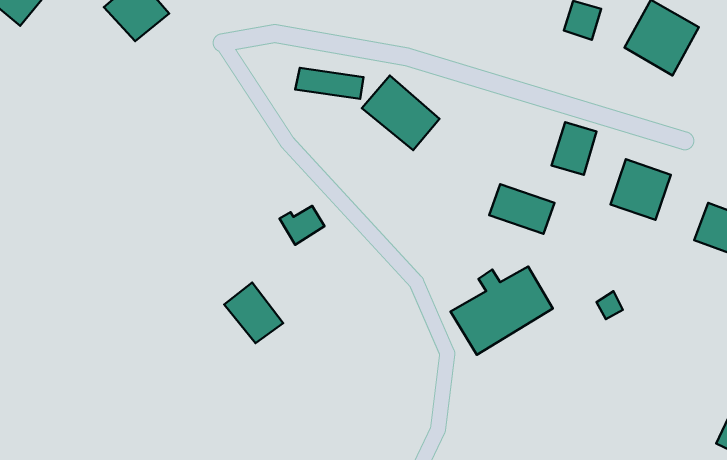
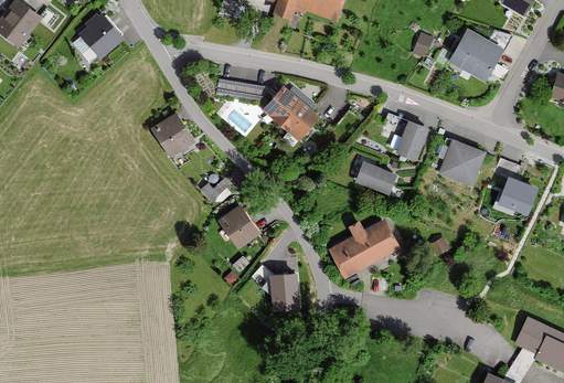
building: none -> [150,113,195,160]
building: [224,283,283,343] -> [219,205,260,248]
building: none -> [272,268,302,308]

